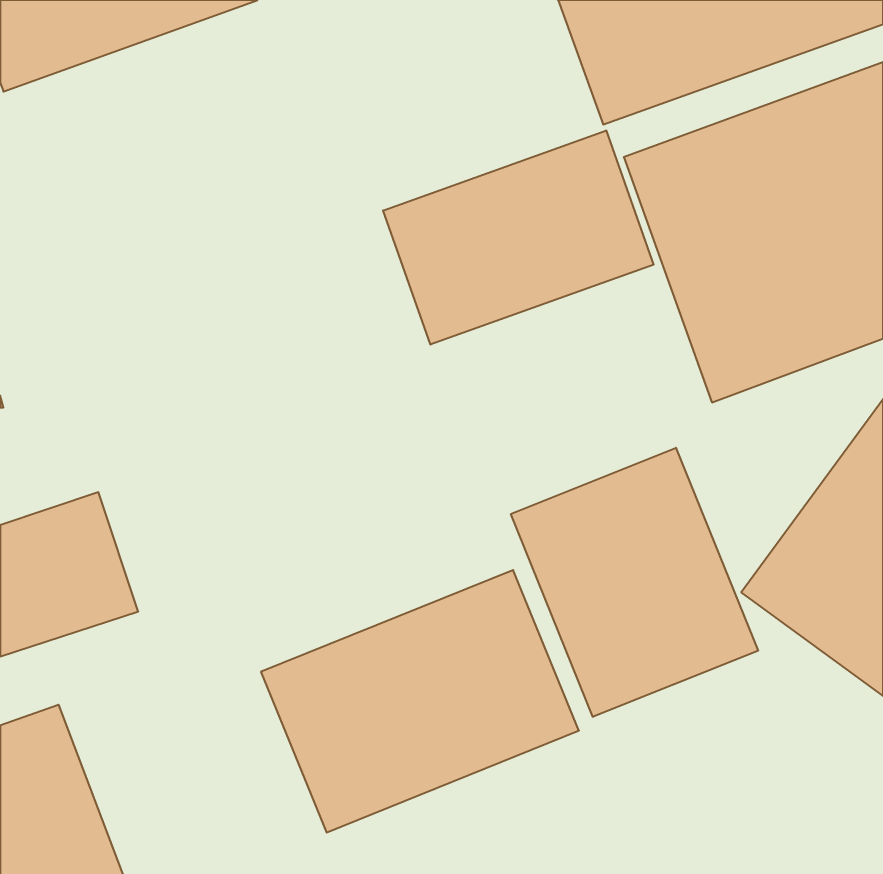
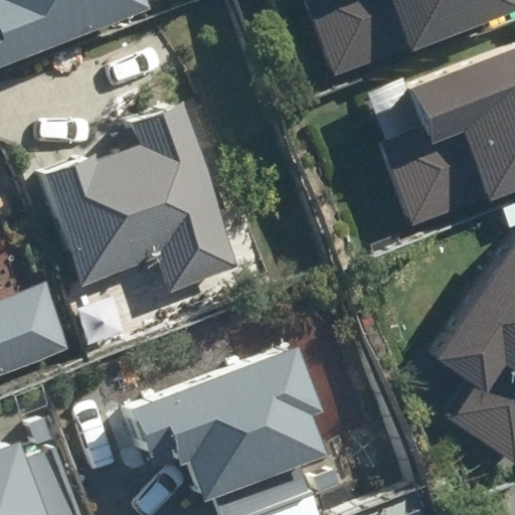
building: [383,130,654,345] -> none
building: none -> [56,120,223,291]
building: [511,448,758,717] -> none

